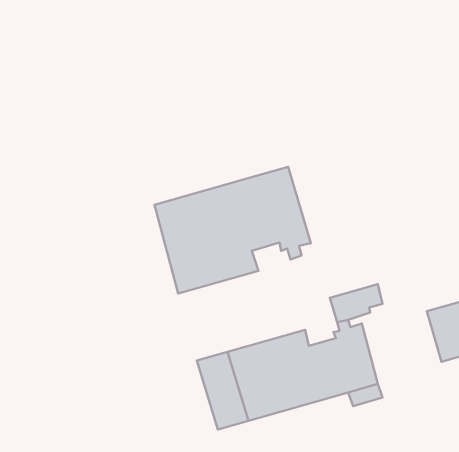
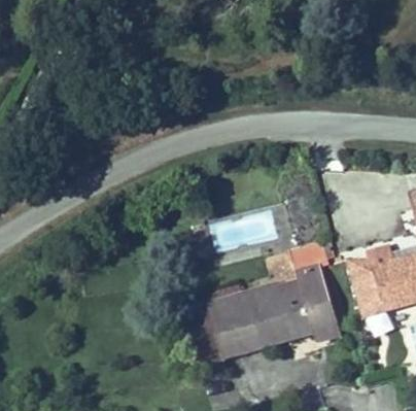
building: [154,167,311,293] -> none
building: none -> [350,262,387,313]

